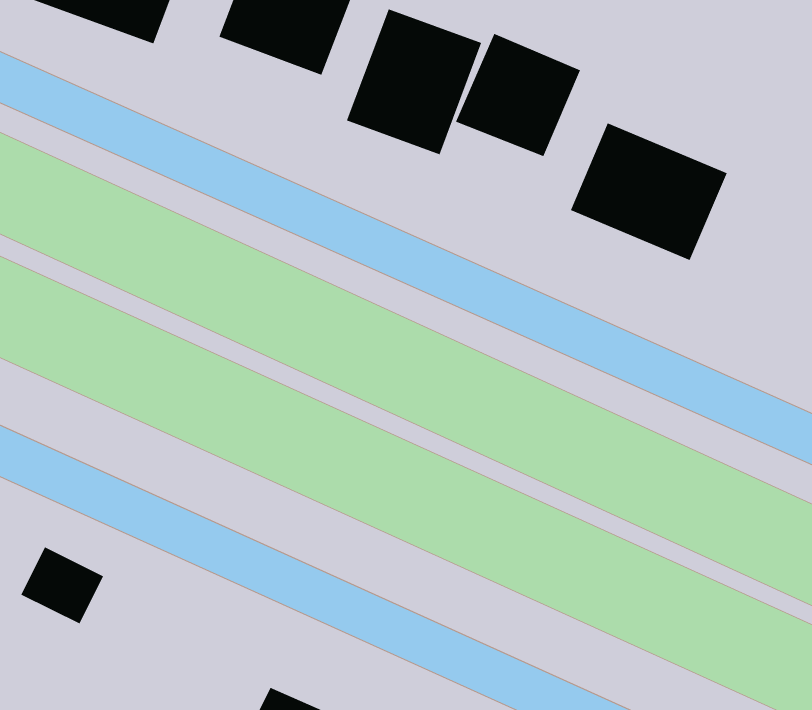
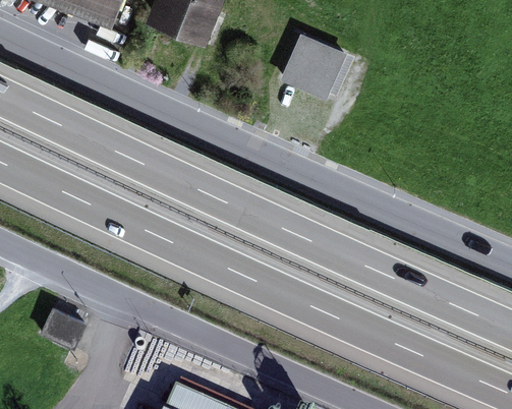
building: [346,8,482,155] -> none
building: [570,122,727,261] -> none

